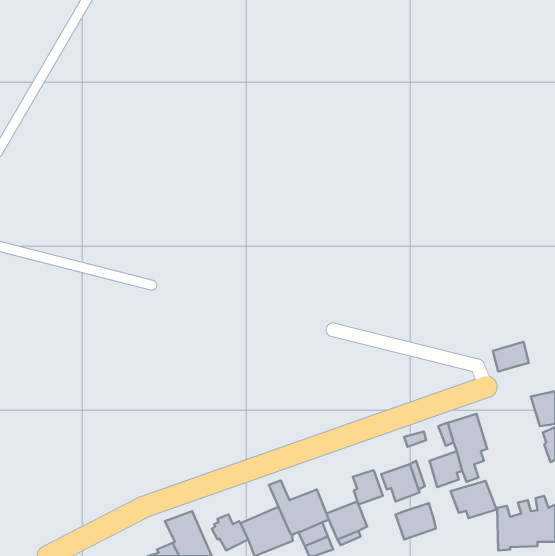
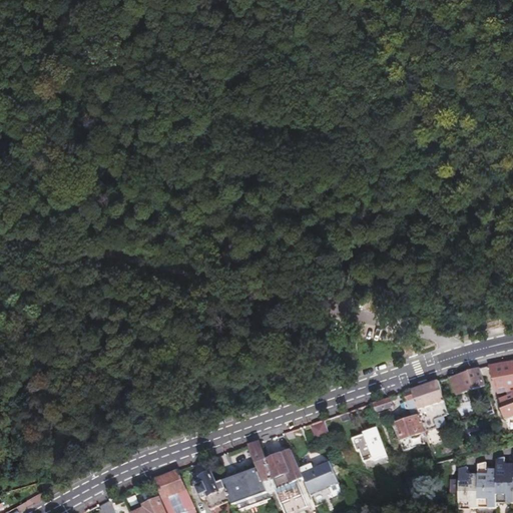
building: [493,342,529,371] -> [450,367,483,394]
building: [353,470,383,504] -> none
building: [451,481,496,518] -> none
building: [395,503,436,539] -> none

